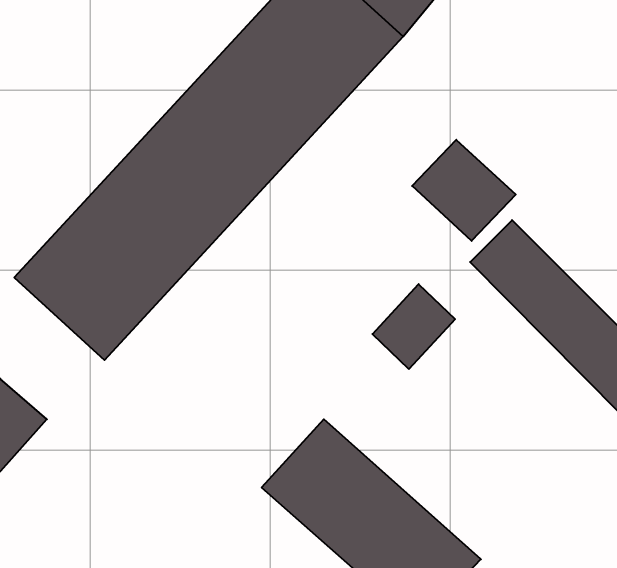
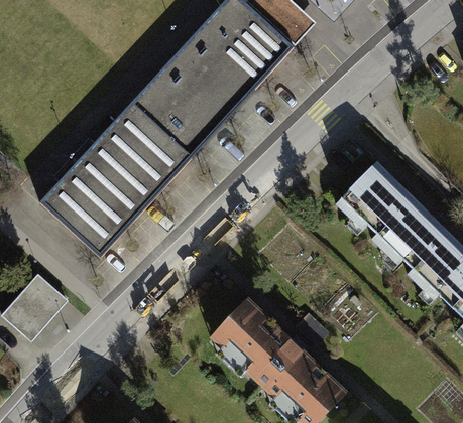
building: [412,140,516,241] -> none
building: [372,284,455,369] -> none

